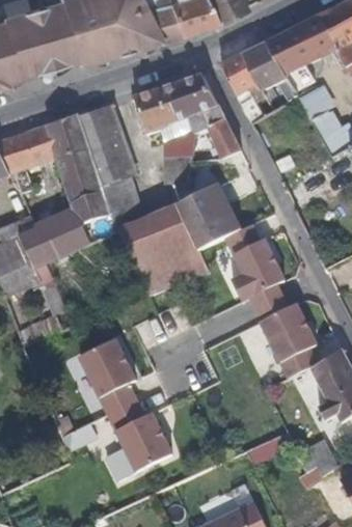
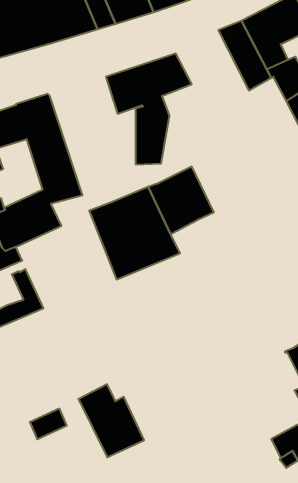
building: [220,51,274,122] -> none
building: [79,104,141,228] -> none
building: [189,104,242,159] -> none
building: [224,224,283,300] -> none
building: [260,303,317,377] -> none
building: [79,336,135,413] -> none

